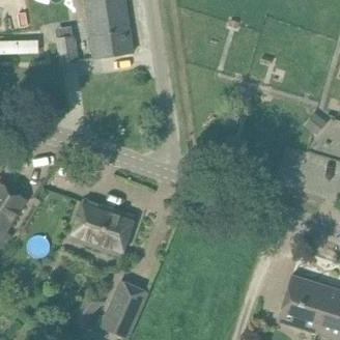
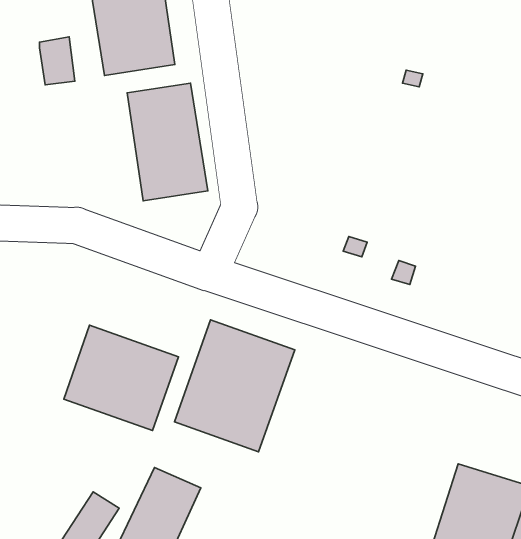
building: none -> [127,83,208,201]
building: none -> [174,320,295,452]

